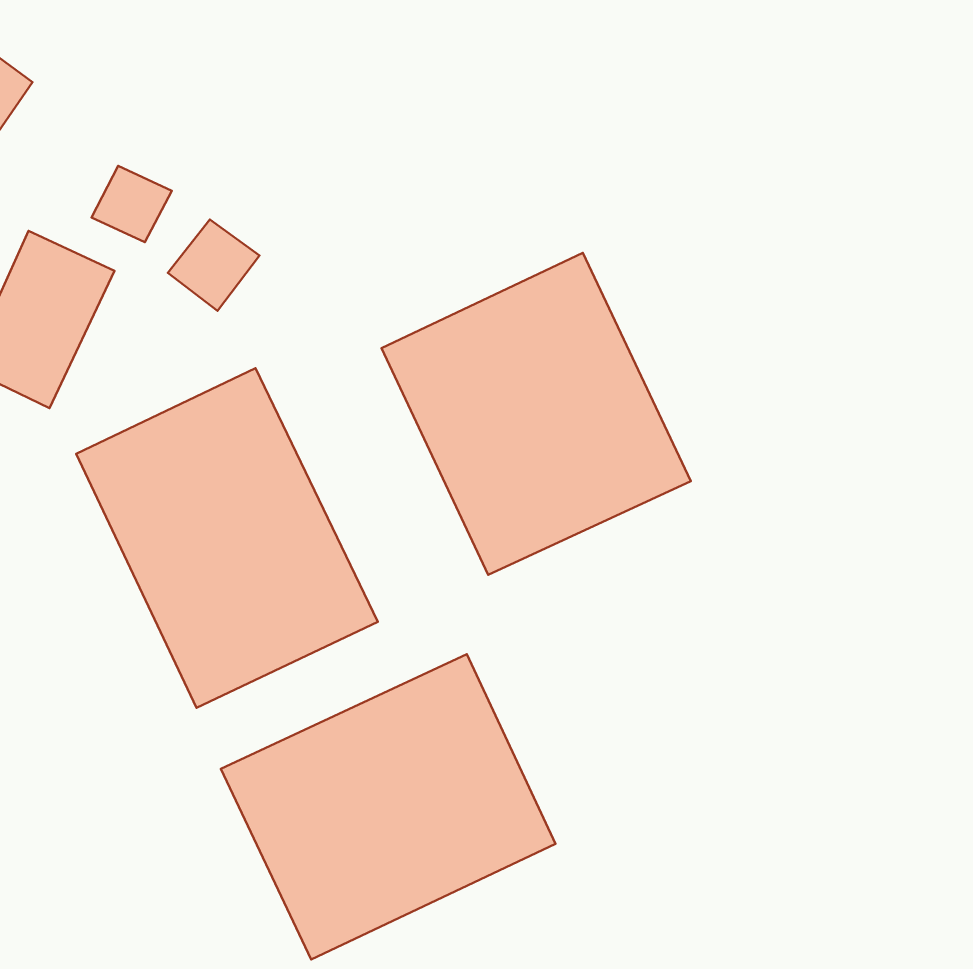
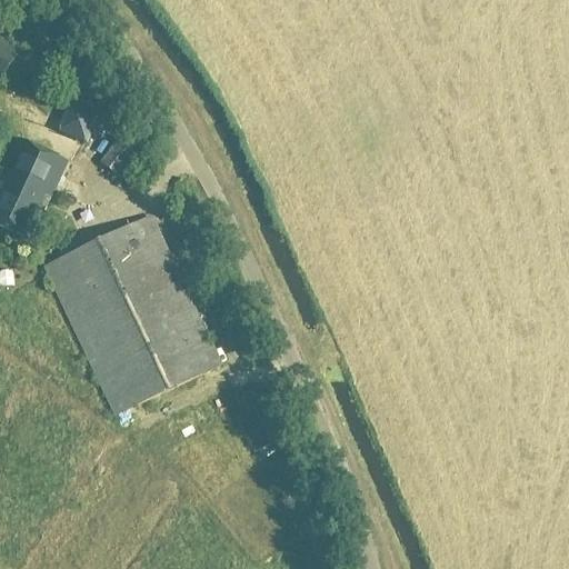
building: [381,253,691,575] -> none
building: [221,654,556,959] -> none

